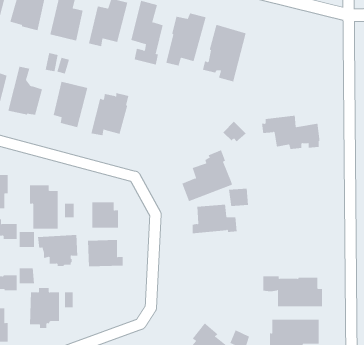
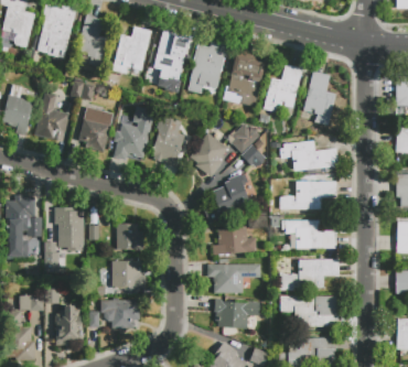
building: none -> [264,64,302,112]
building: none -> [303,72,336,126]
building: none -> [150,116,183,168]
building: none -> [227,123,259,153]
building: none -> [190,133,227,176]
building: none -> [279,182,335,209]
building: none -> [289,220,336,248]
building: [37,234,78,266] -> [100,299,140,330]
building: none -> [291,260,339,288]
building: none -> [207,263,260,293]
building: none -> [214,299,260,328]

